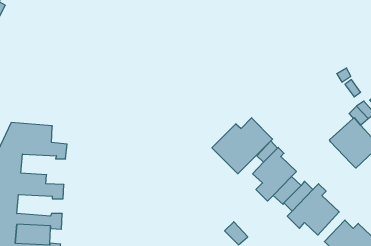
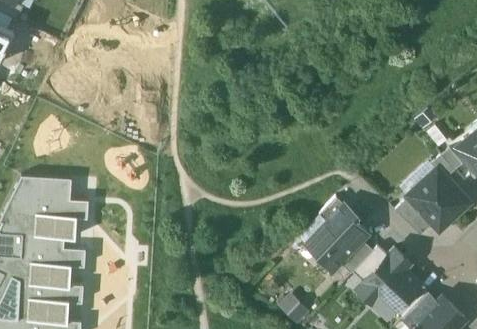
building: [212,118,273,174] -> none
building: none -> [394,198,433,235]
building: none -> [33,213,76,239]
building: none -> [28,262,71,288]

